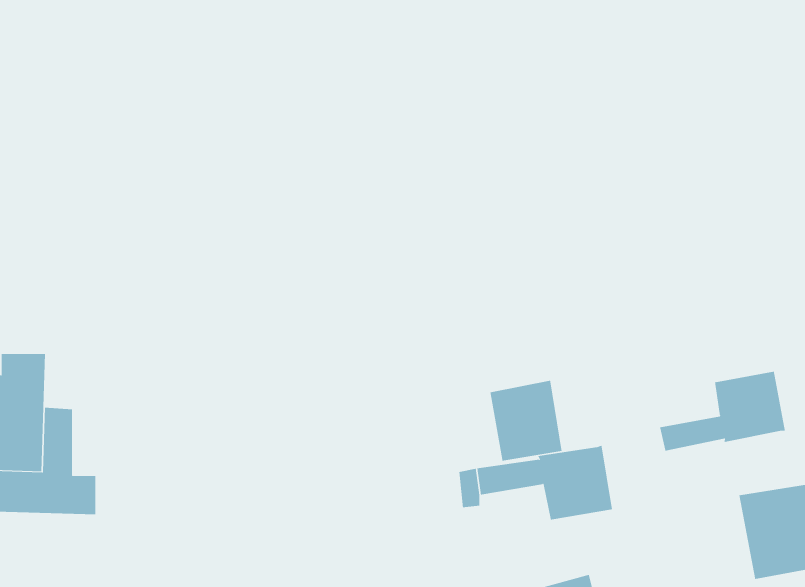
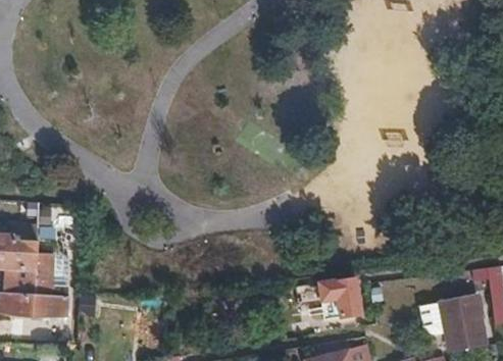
building: [660,371,786,452] -> none
building: [490,380,562,462] -> none

